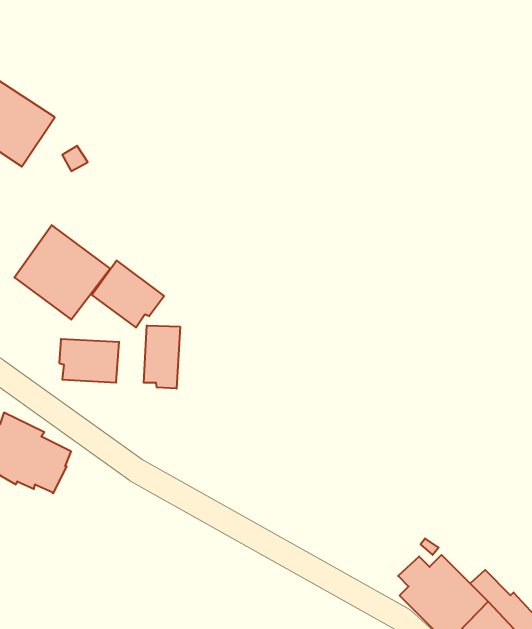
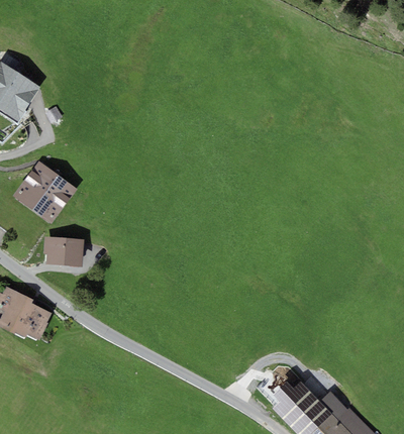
building: [92,260,164,328] -> none
building: [144,325,180,389] -> none

